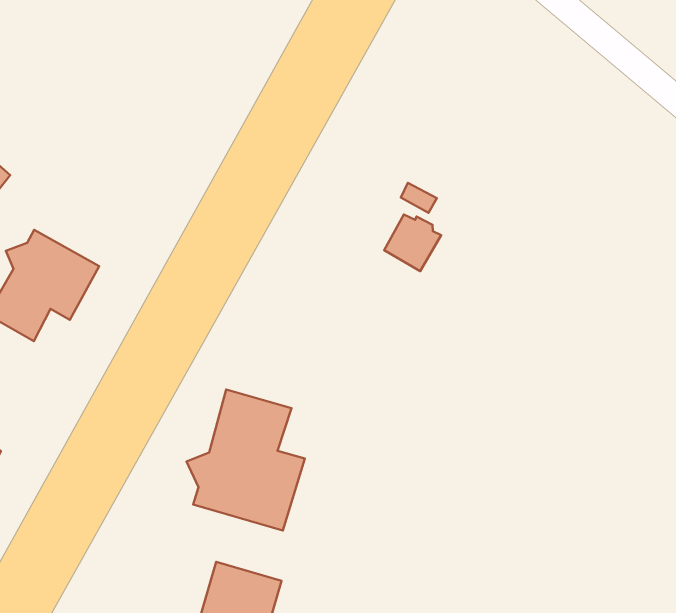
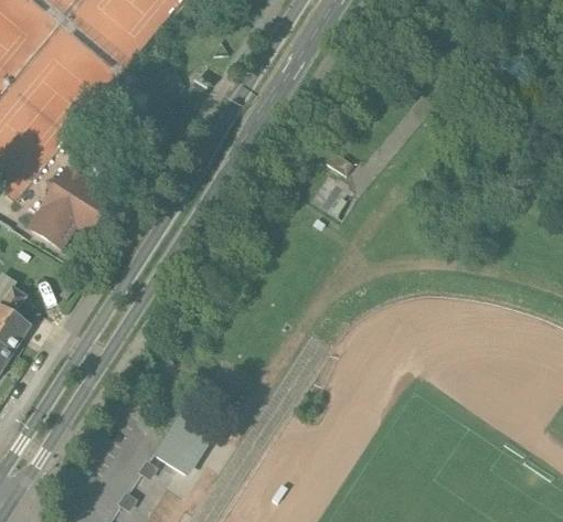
building: [186,389,305,531] -> none

